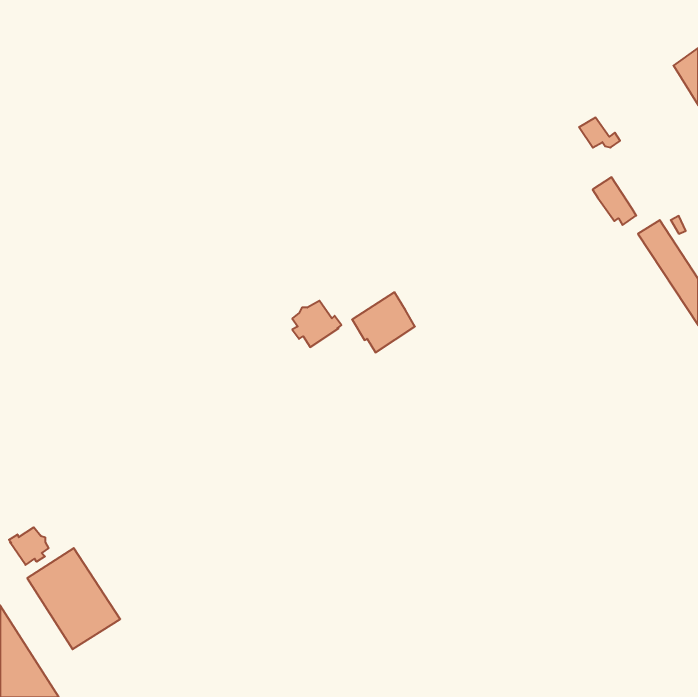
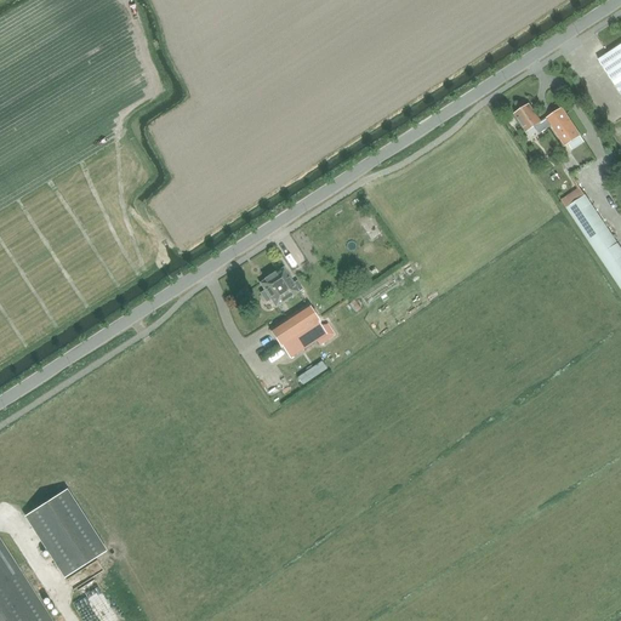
building: [593,177,636,225] -> [546,107,585,149]
building: [352,292,415,352] -> [269,304,325,358]
building: [9,527,49,565] -> none

